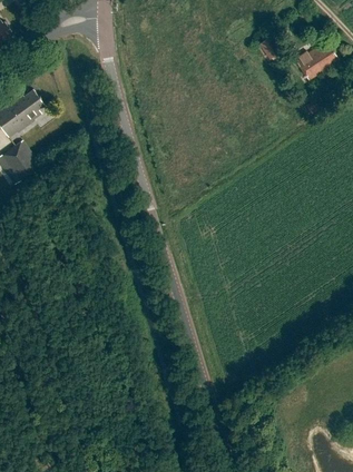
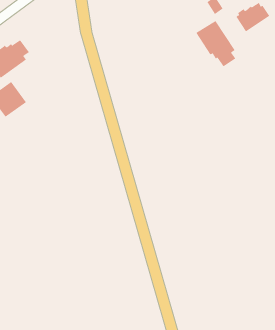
building: none -> [196,20,236,67]

